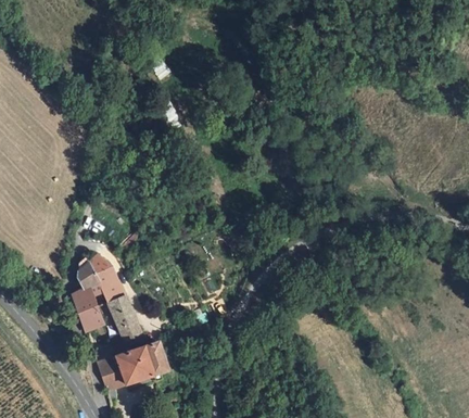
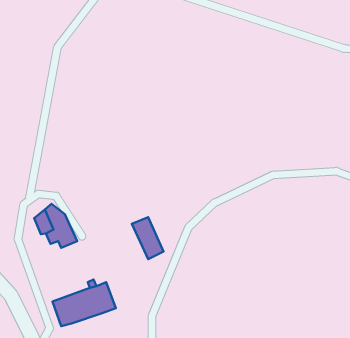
building: [72,286,104,331] -> none
building: [106,294,142,342] -> [132,217,163,259]

